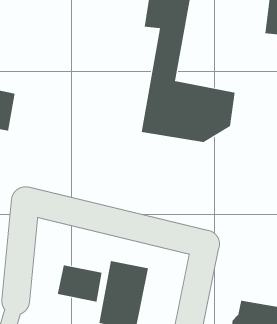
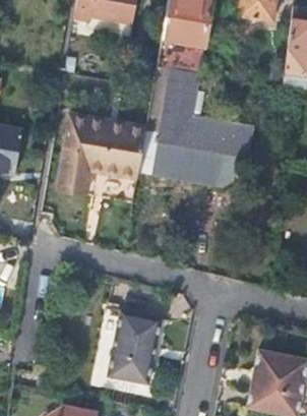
building: none -> [59,112,146,192]
building: [57,264,102,303] -> none

